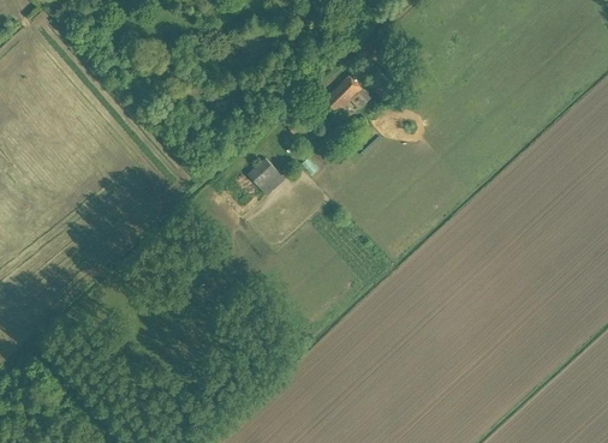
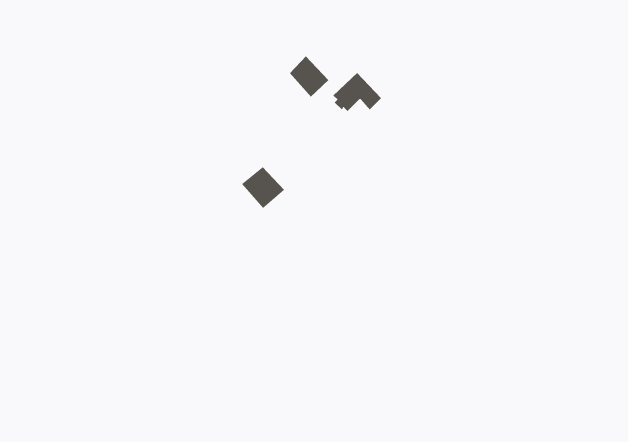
building: none -> [289,55,329,97]

